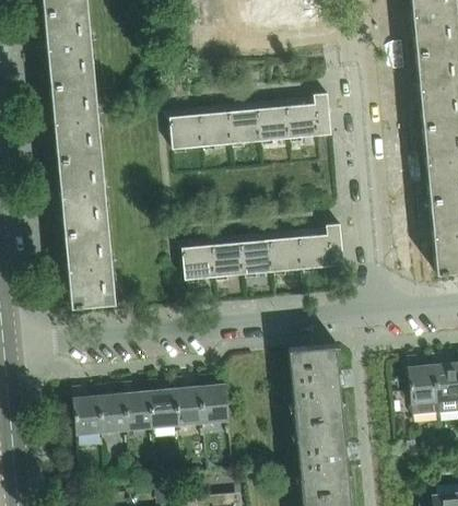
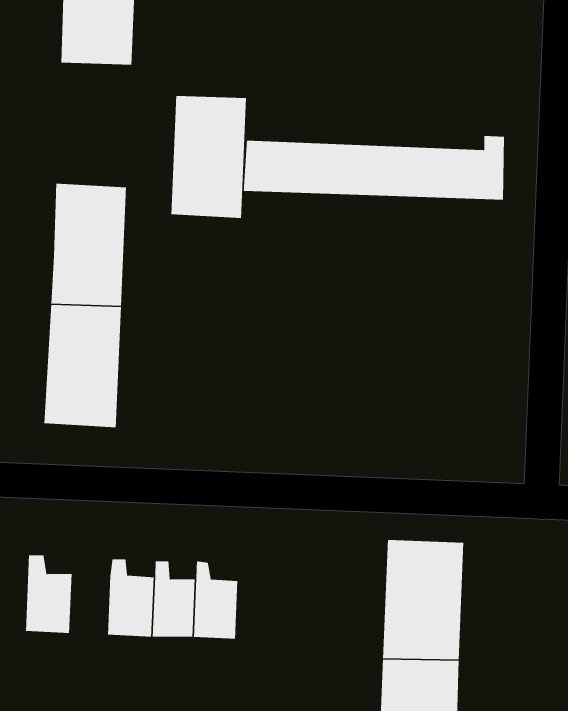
building: [51,81,102,158] -> [170,95,247,219]
building: [180,224,343,280] -> none
building: [200,375,230,422] -> none
building: [98,384,126,432] -> none

